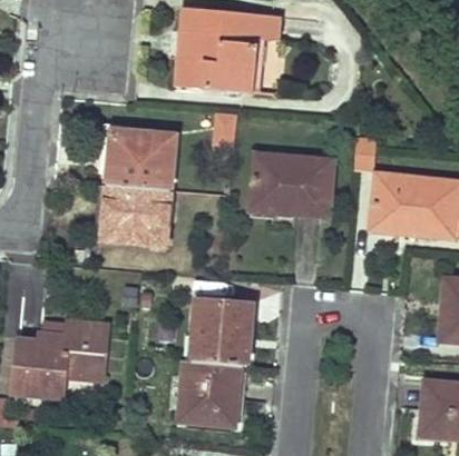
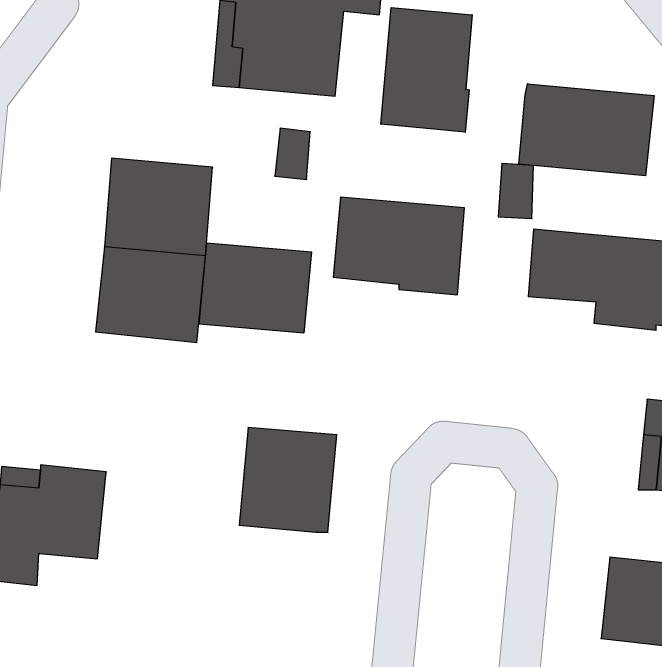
building: none -> [381,8,472,132]
building: none -> [519,84,654,176]
building: none -> [199,243,311,333]
building: [179,359,240,425] -> none

